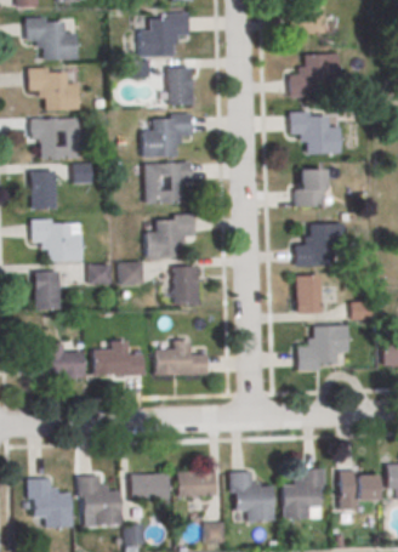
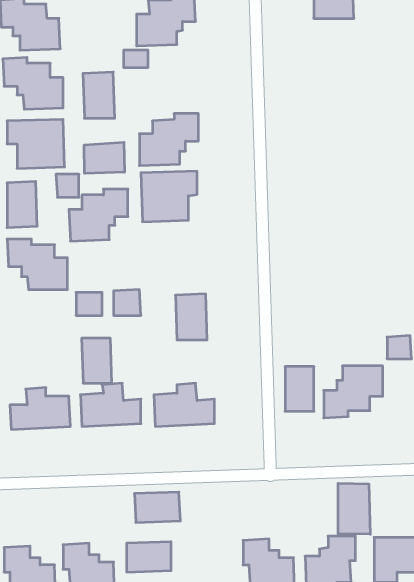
building: [289,55,339,98] -> none
building: [167,67,194,106] -> [83,72,115,118]
building: [289,112,340,154] -> none
building: none -> [84,142,124,173]
building: [300,169,325,207] -> none
building: [147,215,197,258] -> [69,189,128,241]
building: [295,223,345,267] -> none
building: [35,272,61,309] -> [82,338,112,383]
building: [297,274,322,312] -> [285,367,314,411]
building: none -> [338,483,370,534]
building: [178,472,217,497] -> [134,492,180,522]

